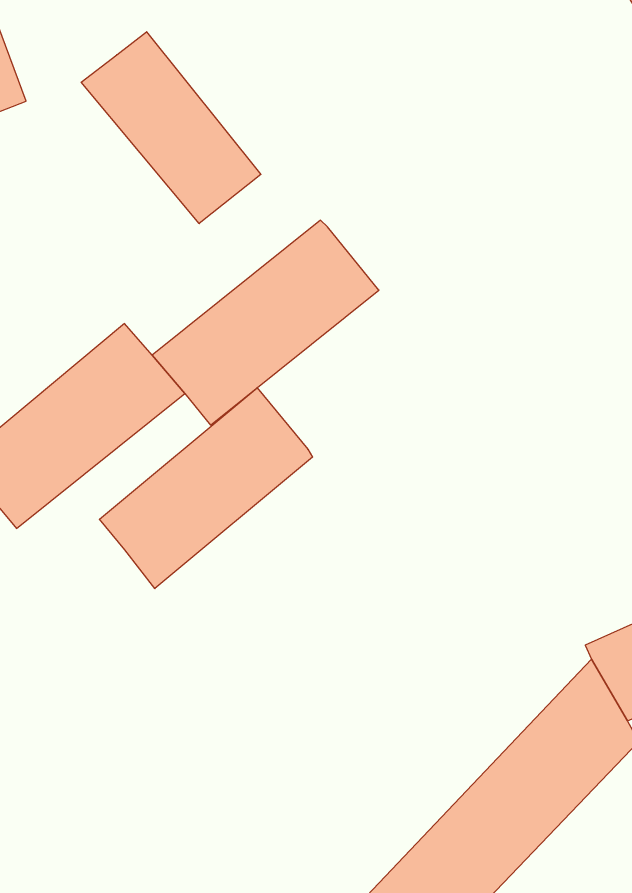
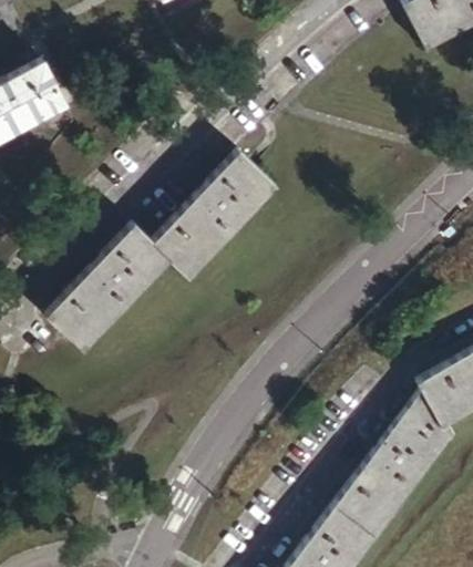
building: [81,32,261,224] -> none
building: [99,388,313,589] -> none

